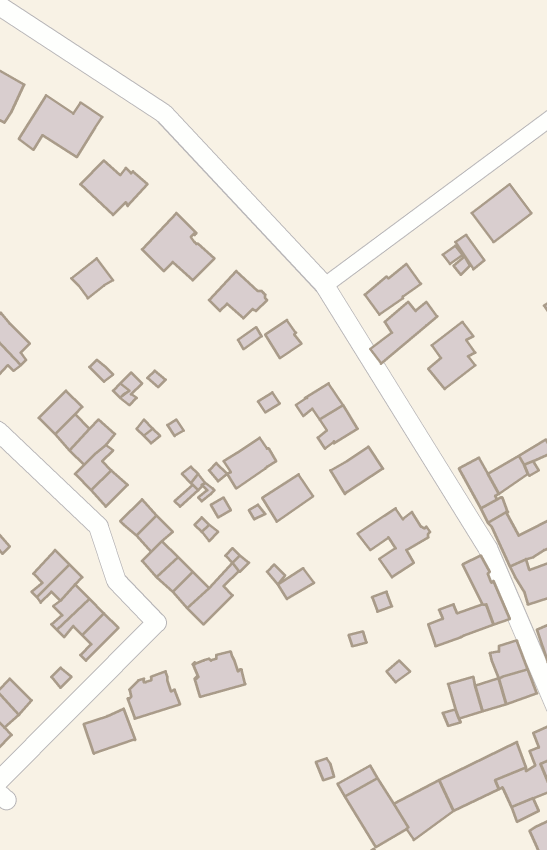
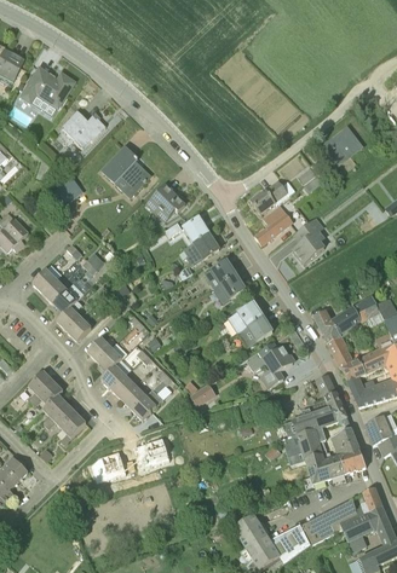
building: [224,438,276,488] -> [184,232,219,266]
building: [262,474,313,522] -> [238,316,272,347]
building: none -> [281,427,323,464]
building: [84,709,135,754] -> none

